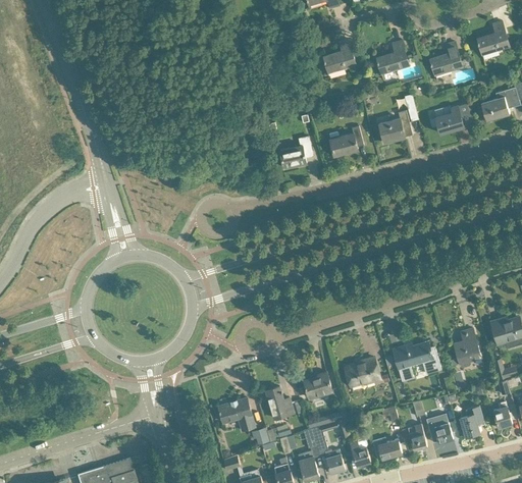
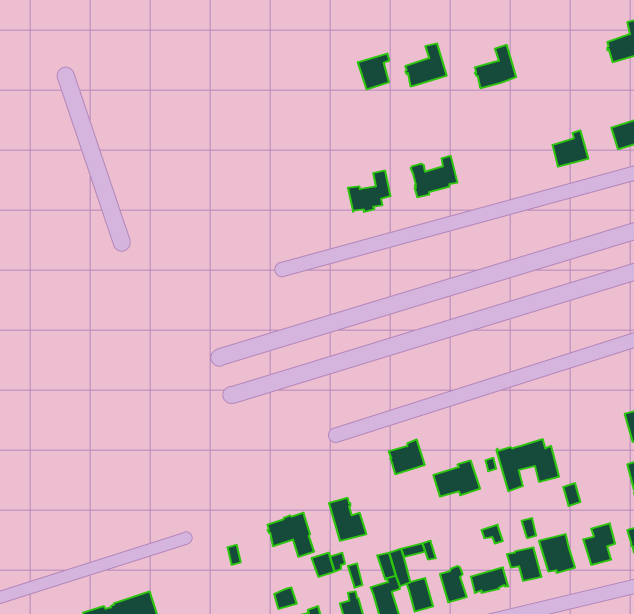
building: [429,42,462,75] -> none
building: none -> [358,53,389,90]
building: [378,110,412,143] -> none
building: [453,328,481,367] -> none
building: [304,372,331,398] -> [389,440,425,474]

